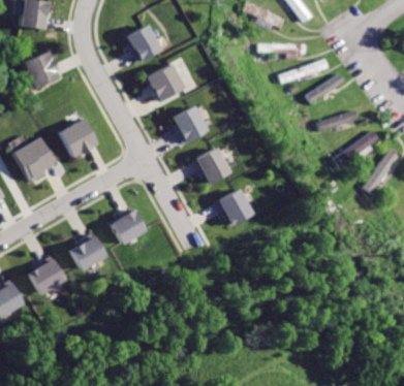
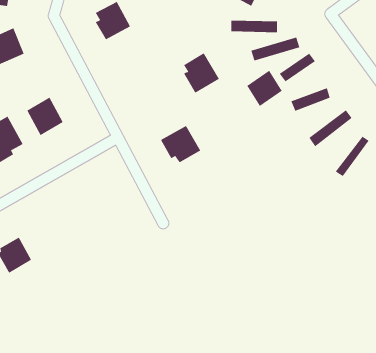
building: [148,63,185,100] -> none
building: none -> [246,70,283,107]
building: [173,104,209,144] -> [183,53,220,94]
building: [215,189,252,224] -> none
building: [108,208,145,245] -> none
building: [69,235,106,271] -> none

